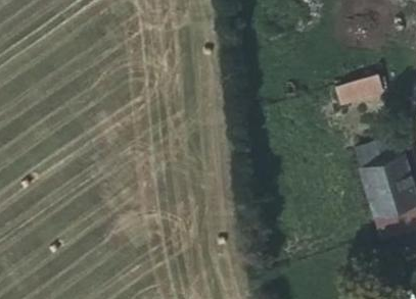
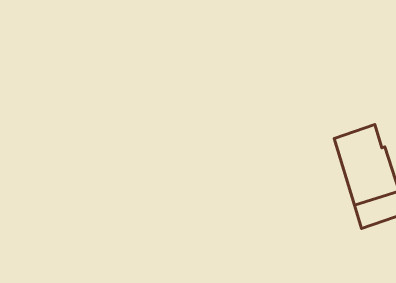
building: [333,74,387,110] -> none

